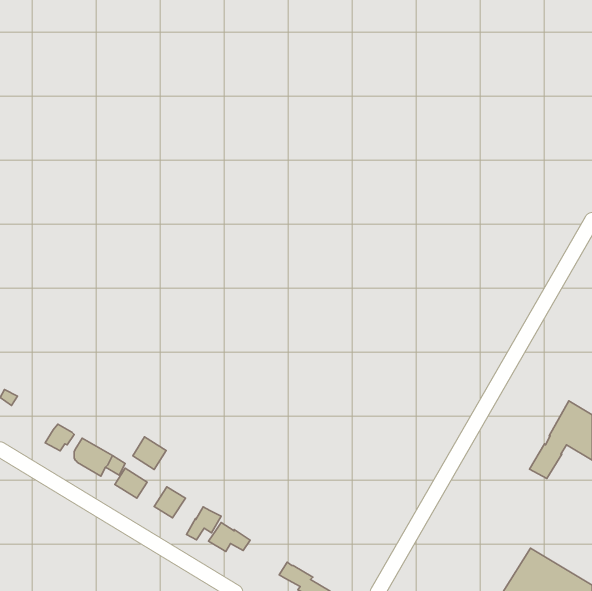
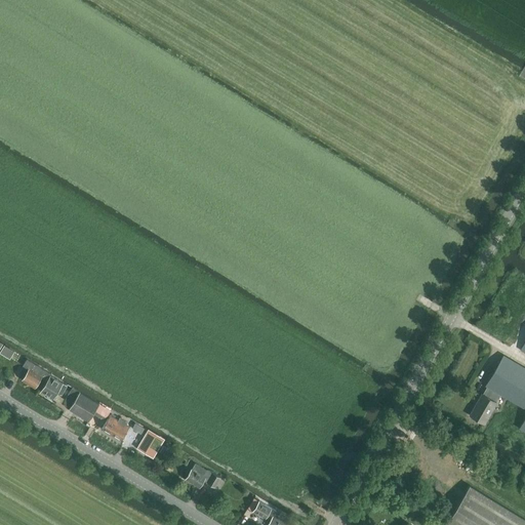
building: none -> [22,360,51,390]
building: [133,437,166,469] -> none
building: [187,507,221,540] -> none

